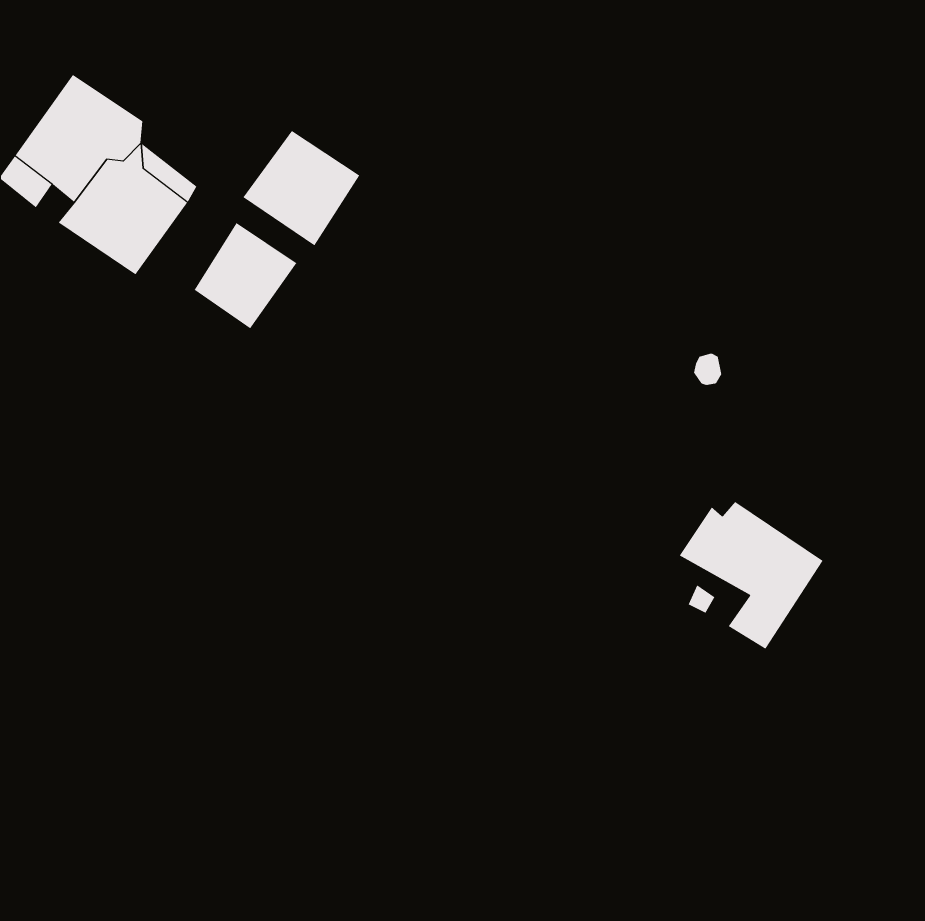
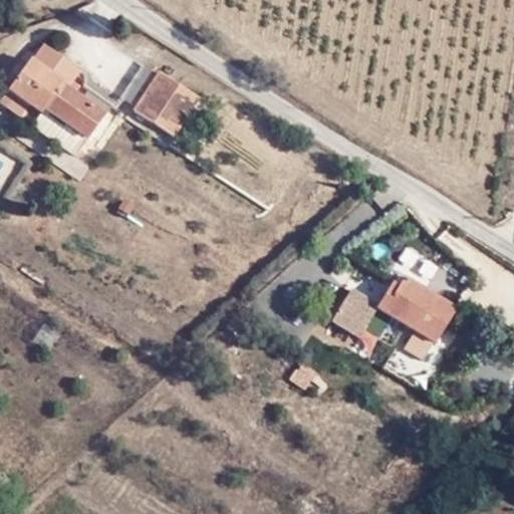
building: [194,222,297,329] -> none
building: none -> [330,291,376,336]

